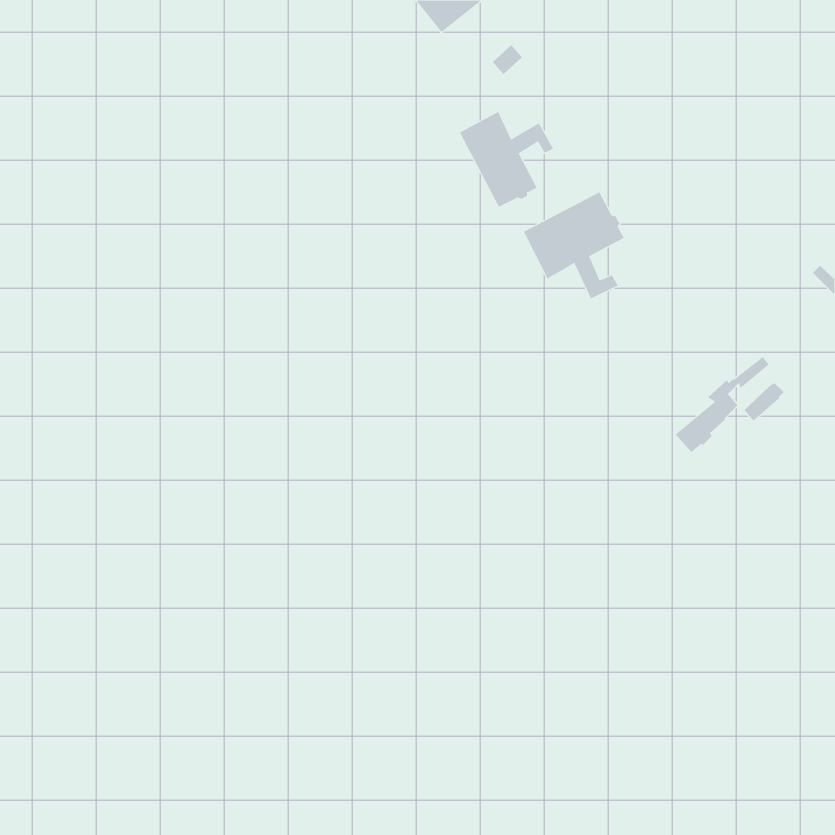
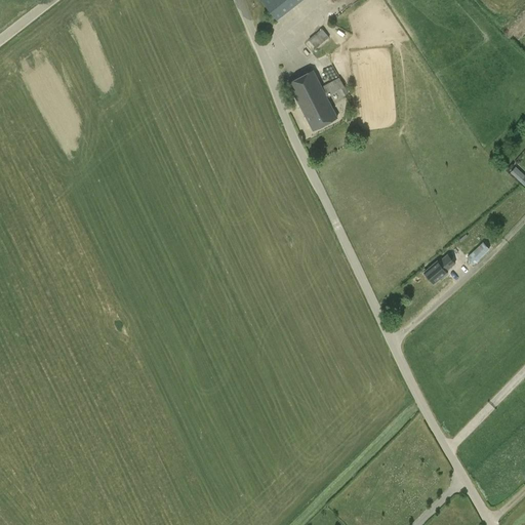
building: [523,192,625,299] -> none

